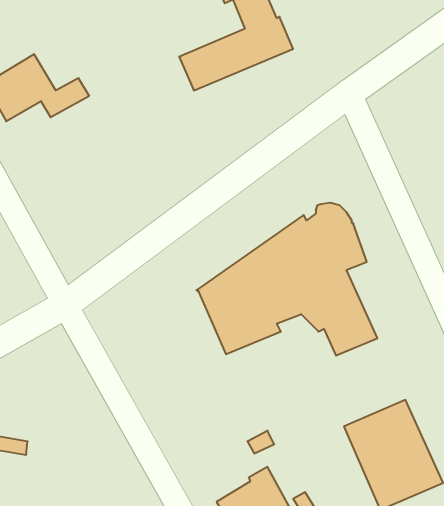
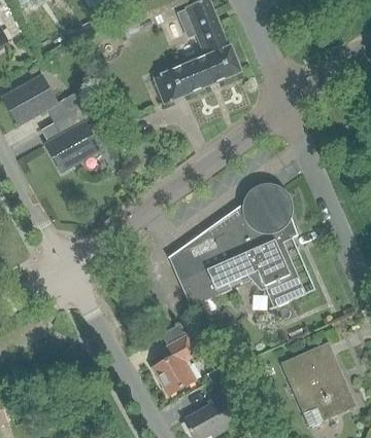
building: none -> [45,107,107,173]
building: none -> [151,334,197,394]

